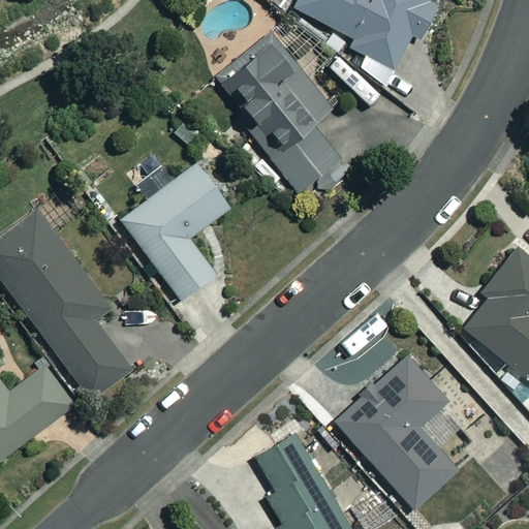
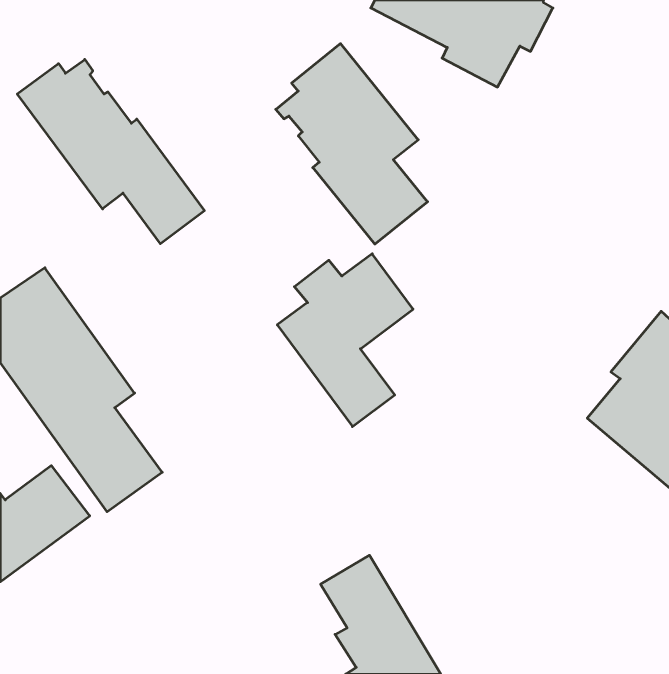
building: none -> [17,59,204,244]
building: [122,164,228,300] -> [277,254,413,427]
building: [334,356,458,507] -> none

